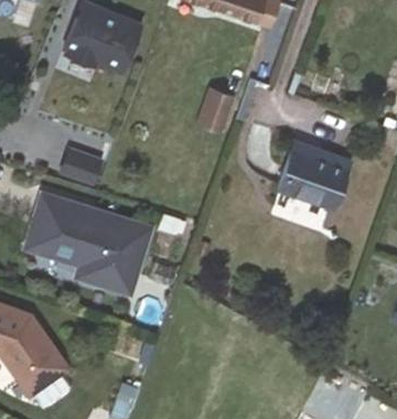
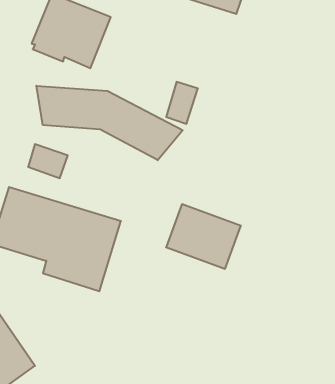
building: none -> [36,86,183,160]
building: [279,142,352,205] -> [166,204,241,269]

